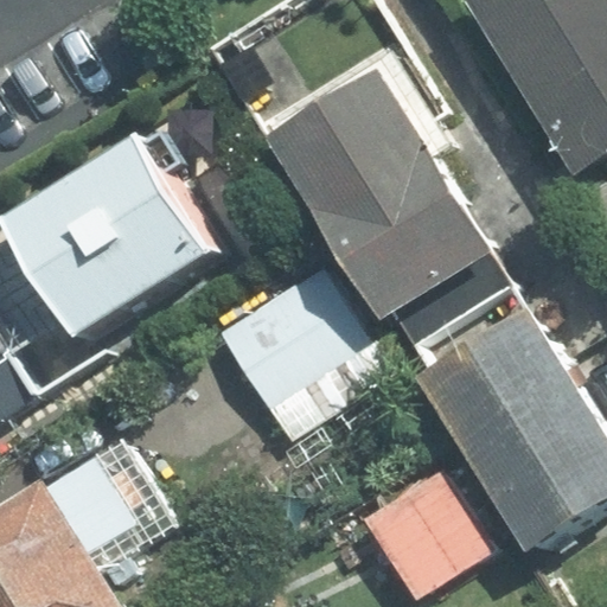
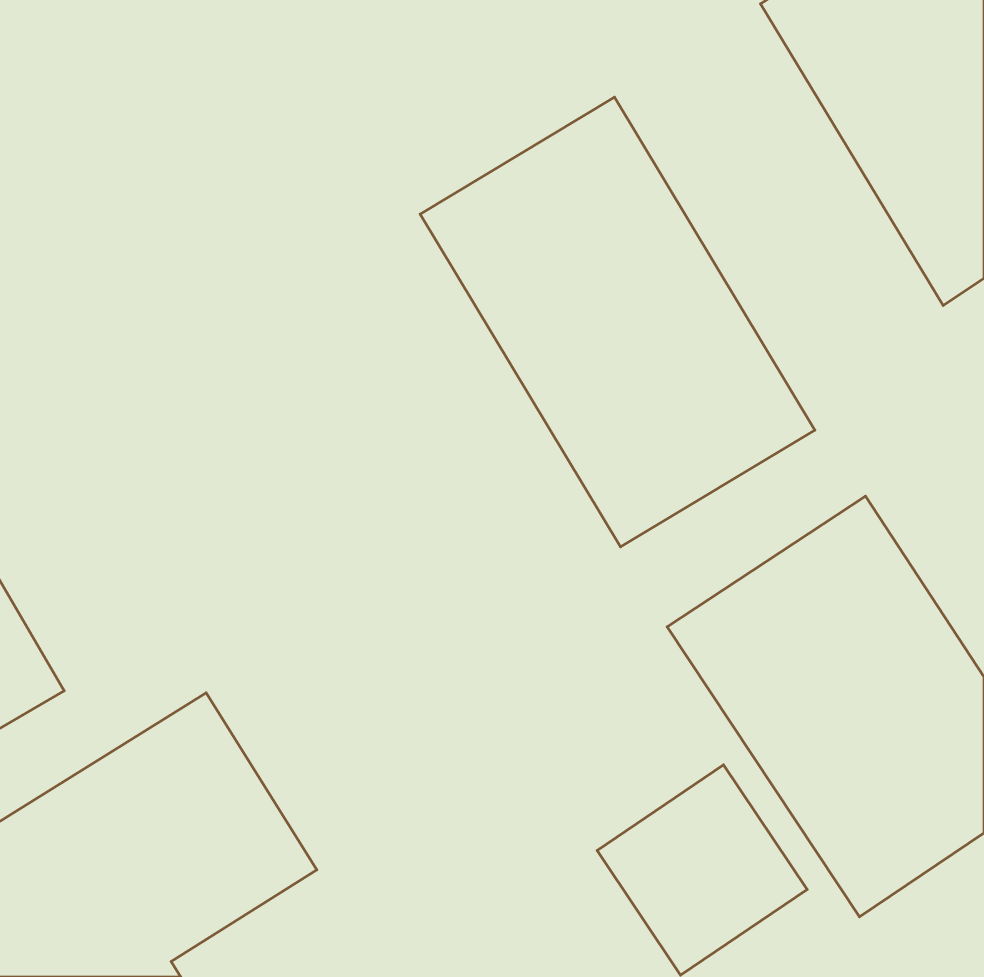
building: [6,124,239,347] -> none
building: [223,268,397,442] -> none

